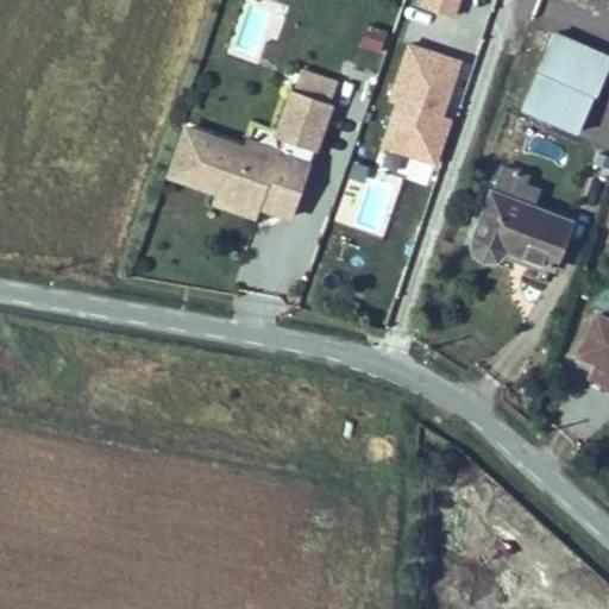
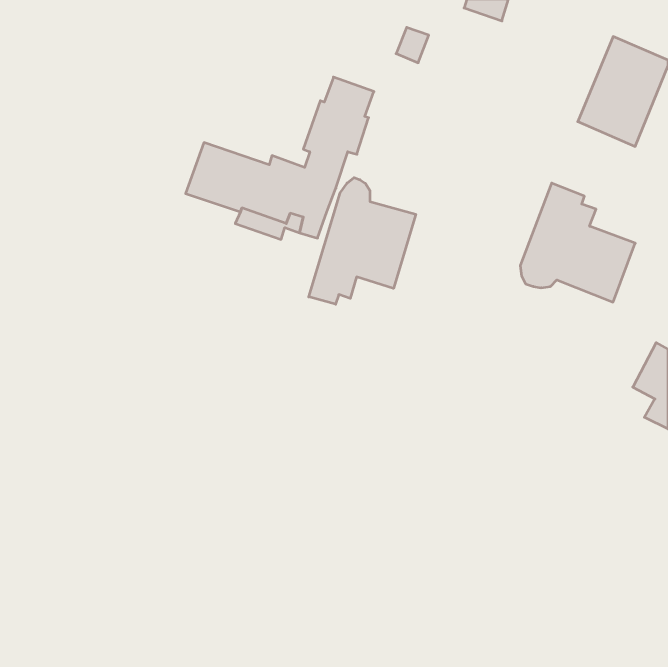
building: [383,45,463,164] -> none
building: none -> [309,178,416,304]

